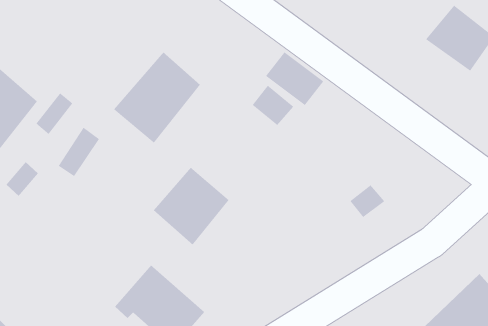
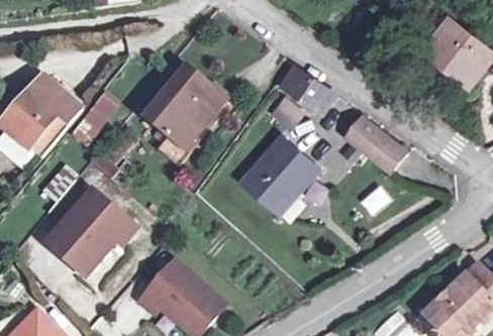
building: none -> [346,118,404,170]
building: [153,167,230,246] -> [248,140,317,212]
building: none -> [47,187,135,270]

